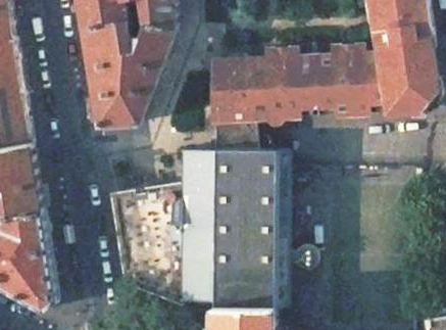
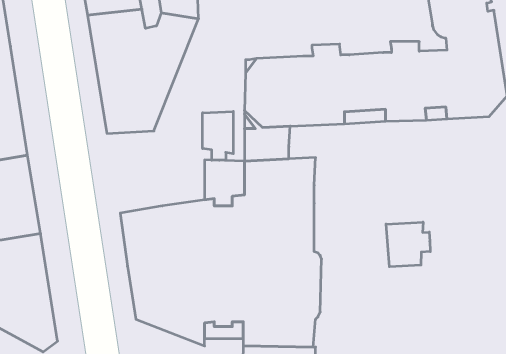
building: none -> [203,111,233,160]
building: none -> [386,222,430,267]

